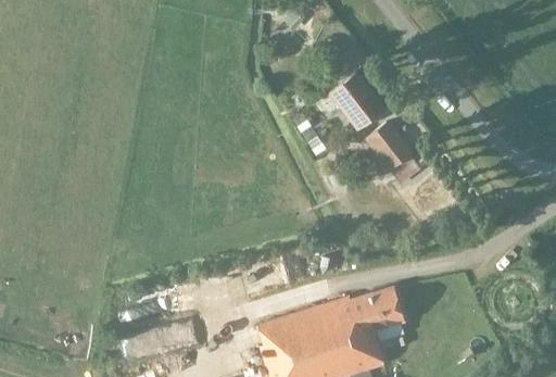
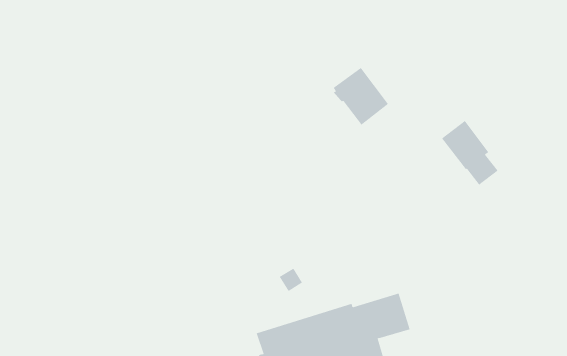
building: [367,122,421,184] -> [441,120,498,185]

